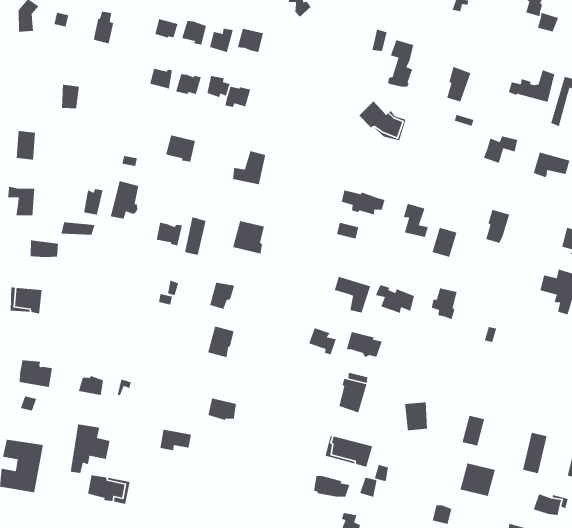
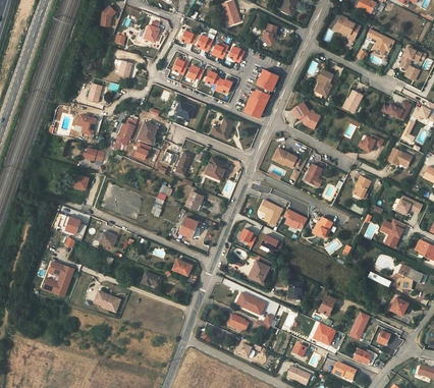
building: none -> [243,68,278,116]
building: [70,423,110,474] -> none

